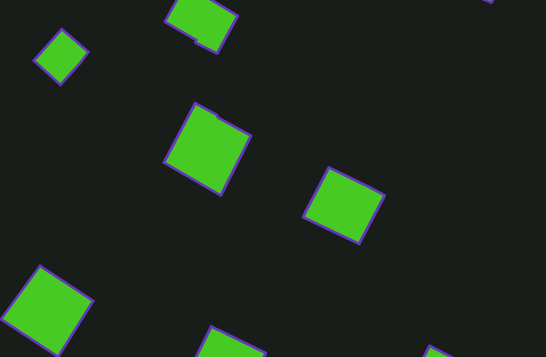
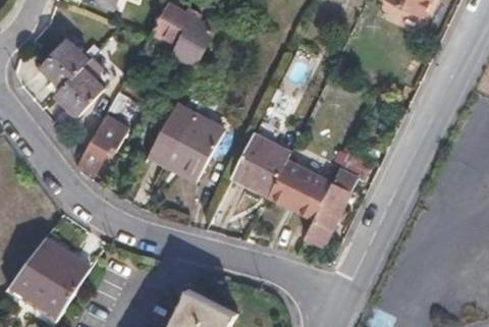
building: none -> [55,68,102,116]
building: none -> [74,113,128,175]
building: none -> [230,135,288,194]
building: none -> [289,152,371,272]

